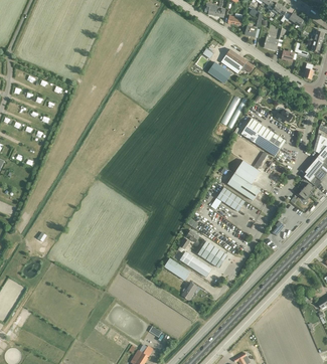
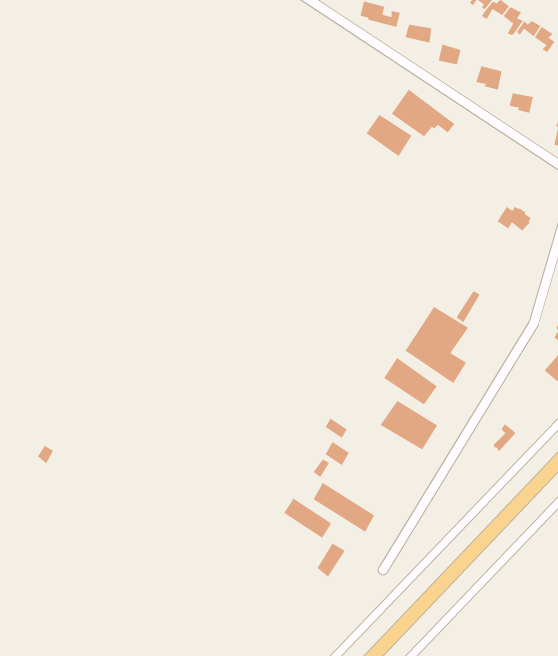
building: [240,118,287,156] -> none
building: [197,240,227,266] -> [380,400,438,451]

